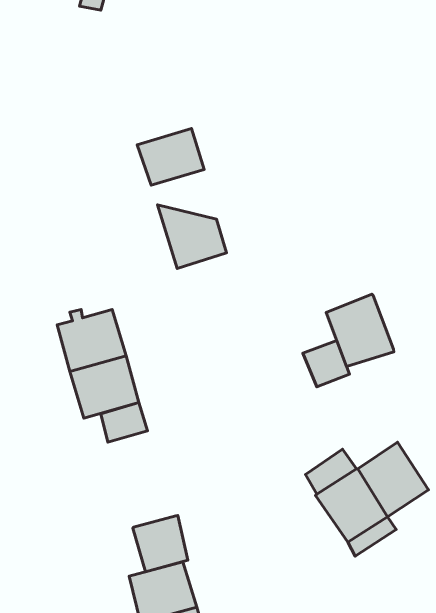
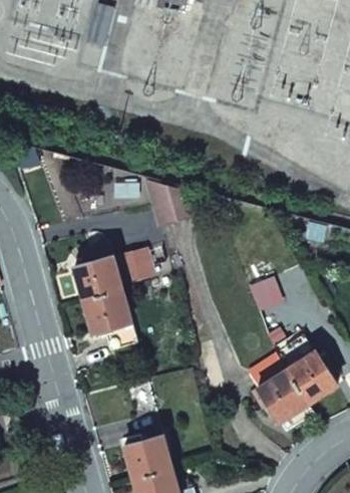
building: [137,128,204,185] -> none
building: [326,294,394,367] -> none
building: none -> [115,249,153,283]
building: [133,516,188,572] -> none

